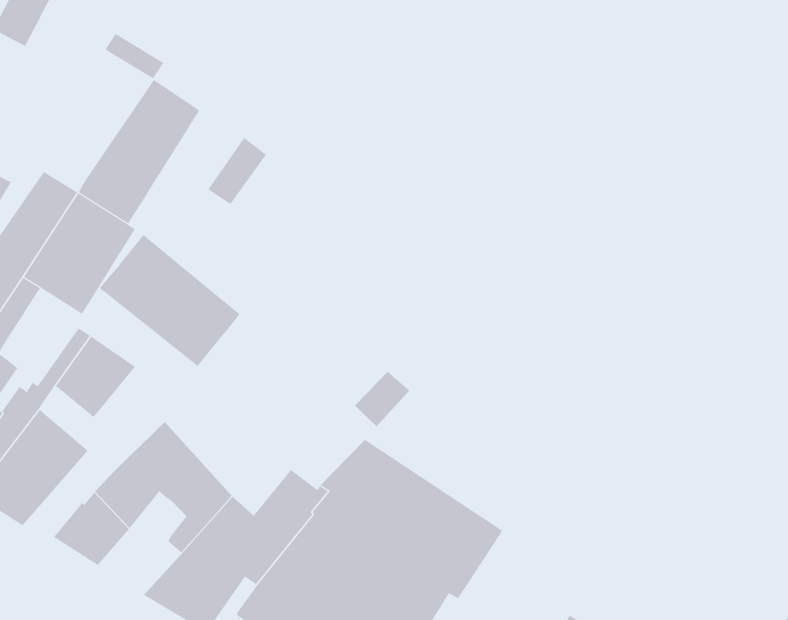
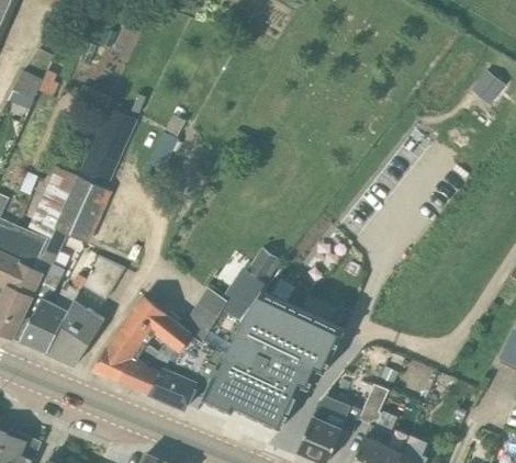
building: [99,234,240,367] -> none
building: none -> [183,289,245,340]
building: none -> [120,336,165,394]

